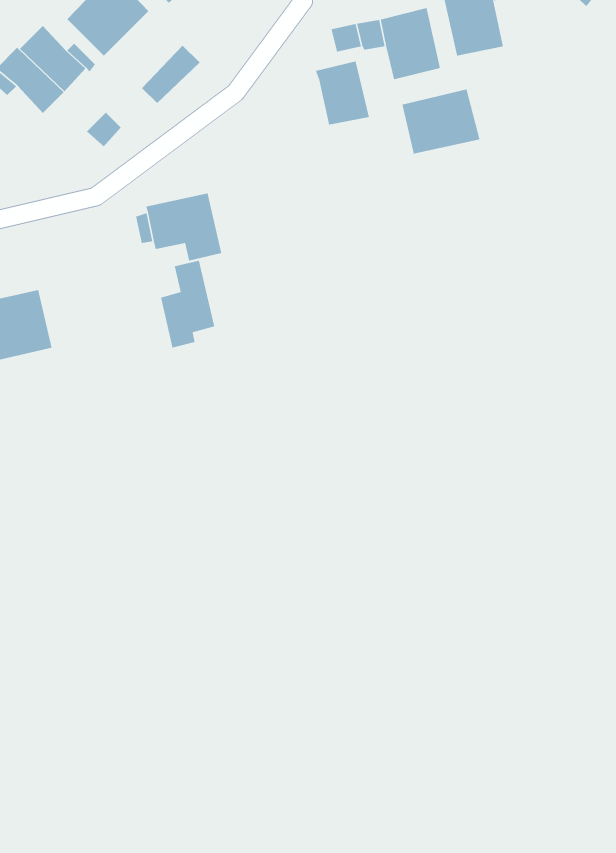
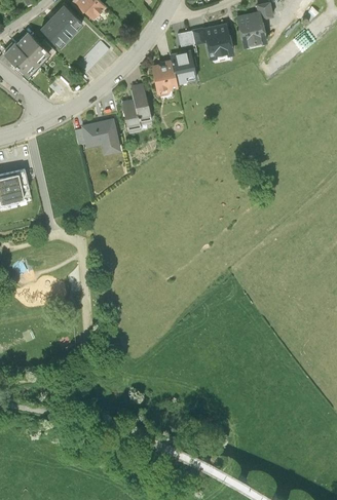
building: none -> [150,60,177,95]
building: [401,89,481,154] -> none
building: [160,260,215,349] -> [122,83,151,129]

